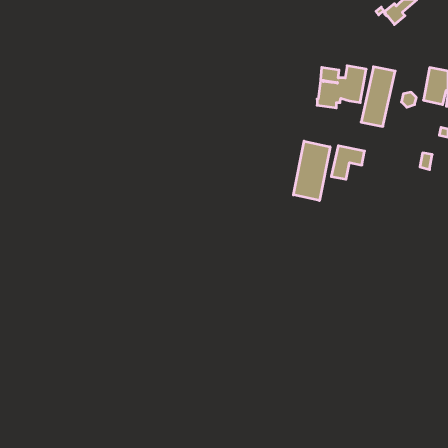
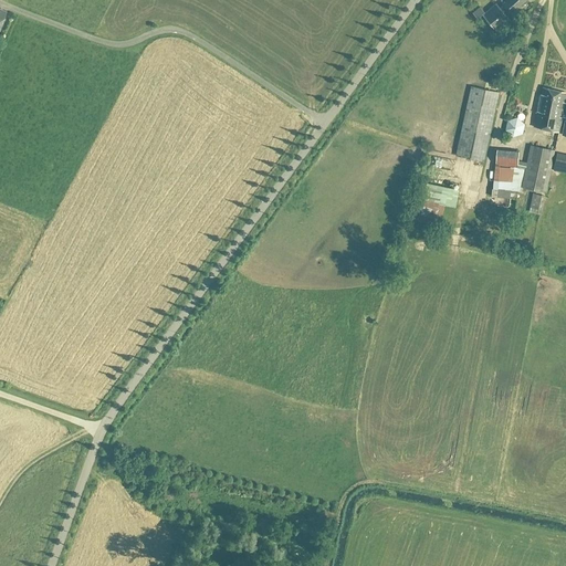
building: [317,66,366,108] -> [491,145,553,198]
building: [293,141,330,201] -> none

